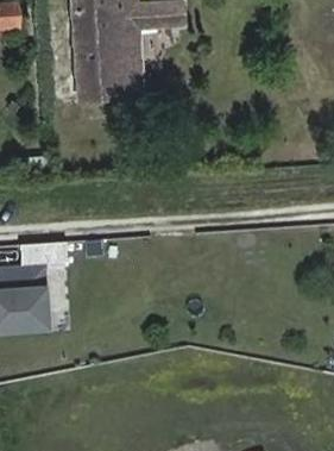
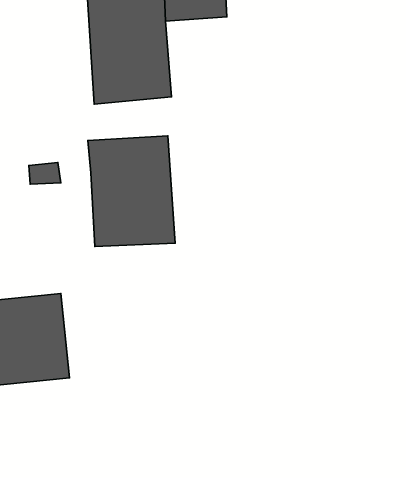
building: none -> [88,136,175,247]

